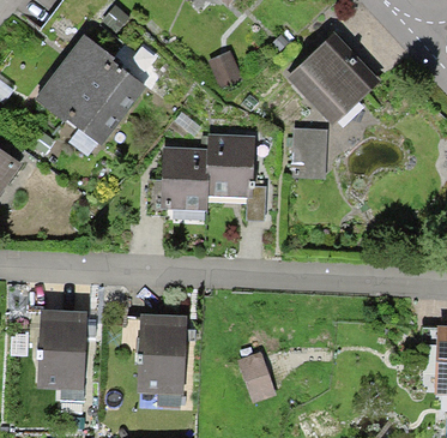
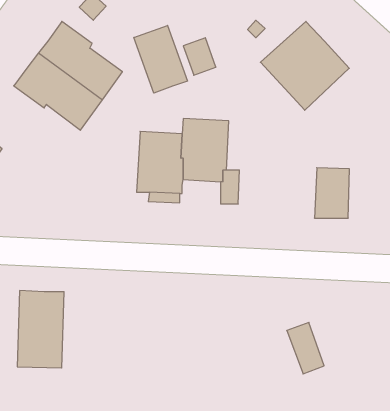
building: none -> [134,25,188,93]
building: [292,127,328,179] -> [314,168,349,218]
building: [138,313,187,395] -> none
building: [237,352,276,404] -> [287,322,324,374]

